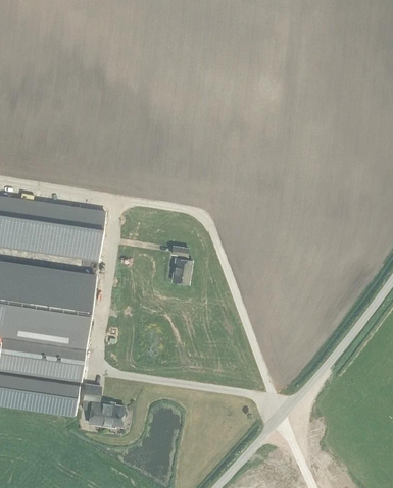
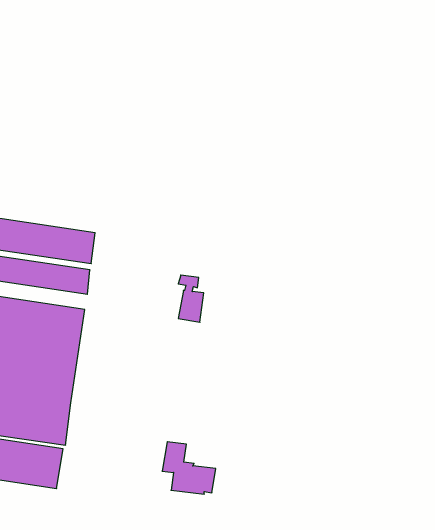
building: [81,385,124,427] -> [162,442,216,494]

